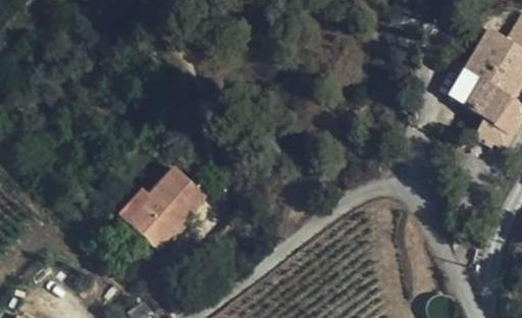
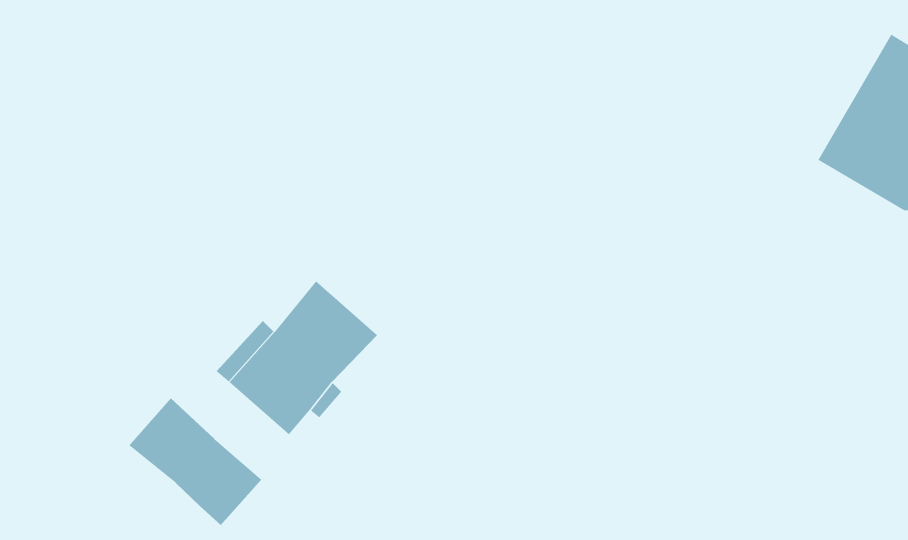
building: none -> [129,397,262,526]

